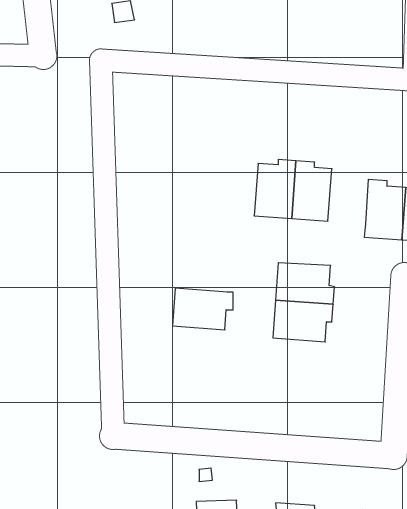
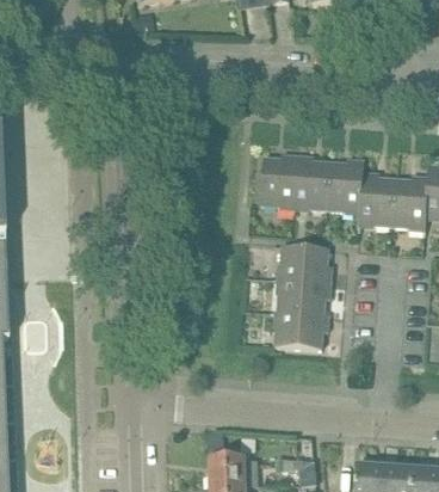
building: none -> [326,158,363,210]
building: [173,288,233,330] -> [274,312,328,349]

